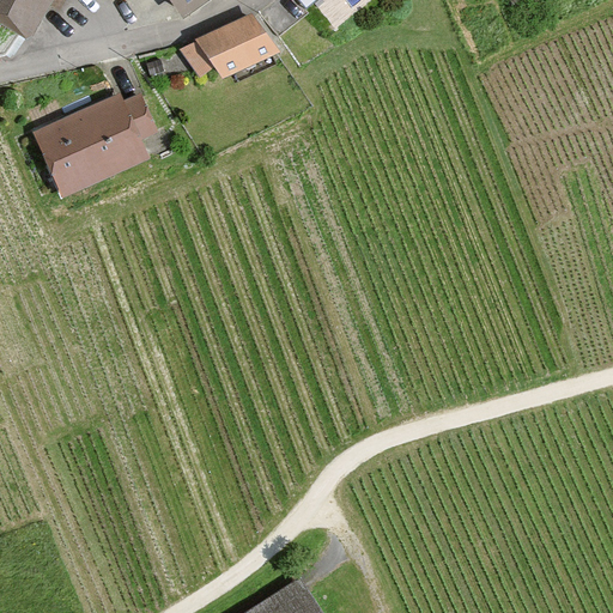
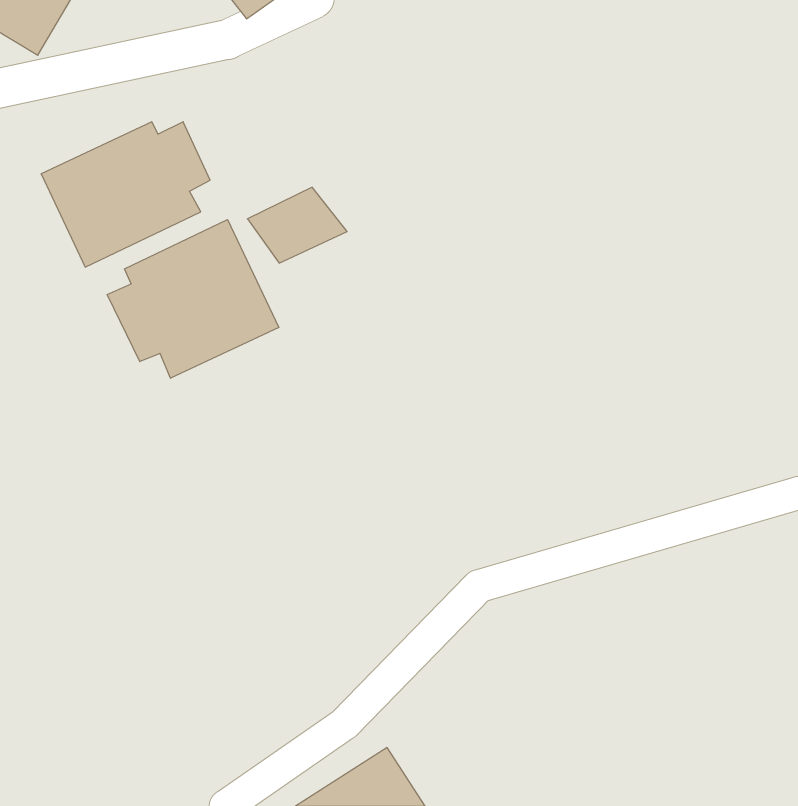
building: [194,17,269,74] -> [247,187,347,263]
building: none -> [107,220,279,378]

